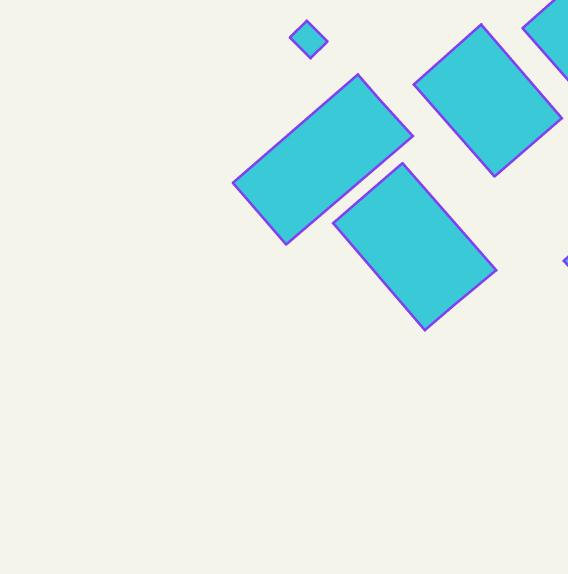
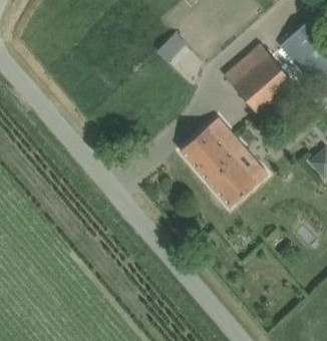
building: [233,74,413,244] -> none

